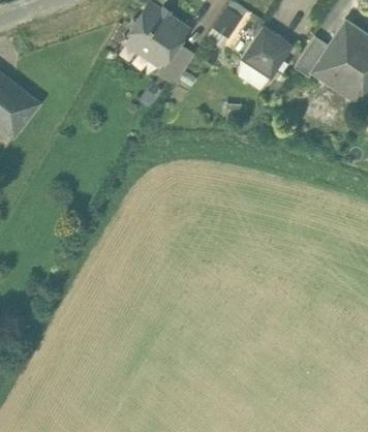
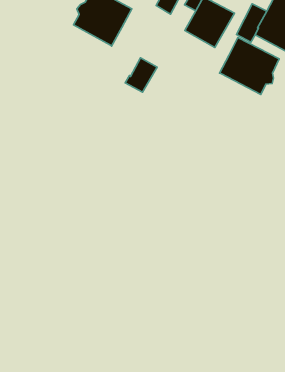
building: [156,49,191,85] -> [125,58,157,92]
building: none -> [219,38,279,94]

